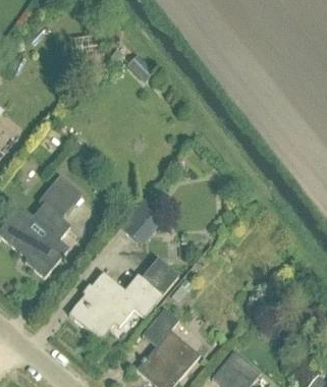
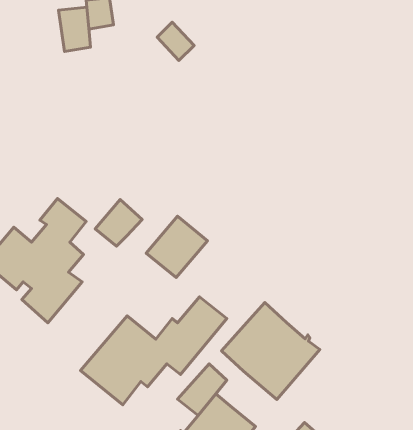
building: none -> [58,7,90,51]
building: none -> [95,200,142,246]
building: none -> [222,302,320,400]

